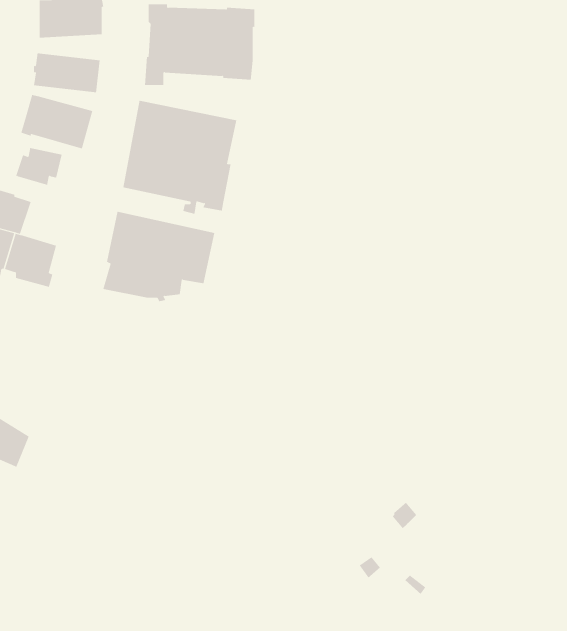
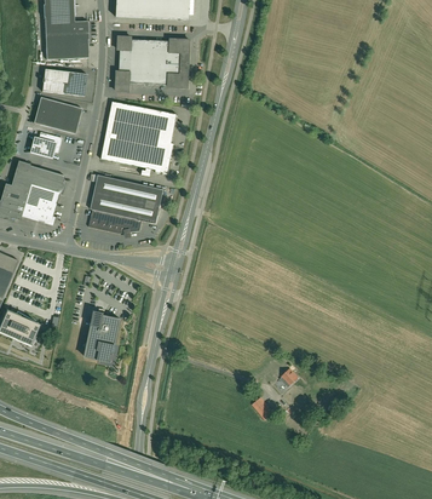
building: none -> [33,170,64,199]
building: none -> [83,309,120,363]

